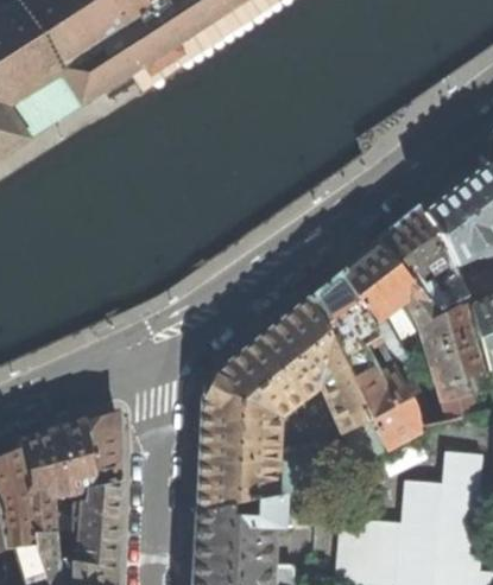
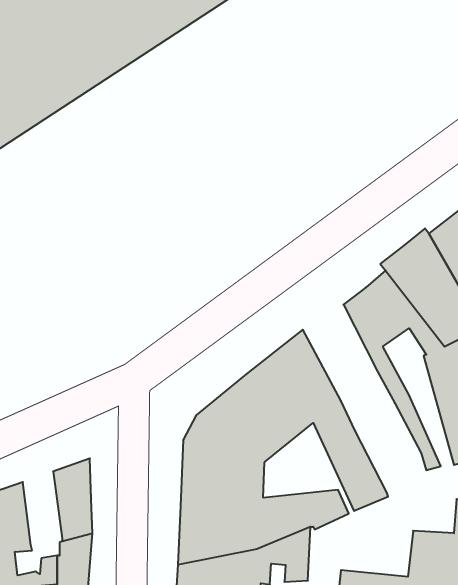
building: [309,271,421,446] -> none
building: [56,427,91,494] -> none

